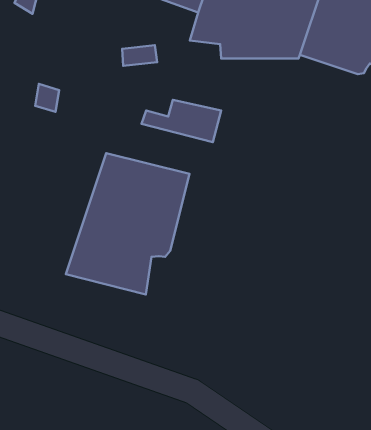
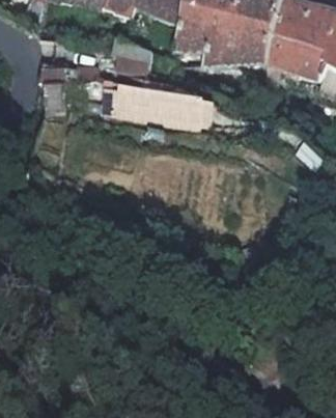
building: [66,153,189,294] -> none

